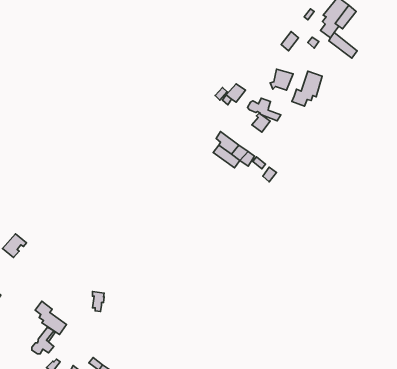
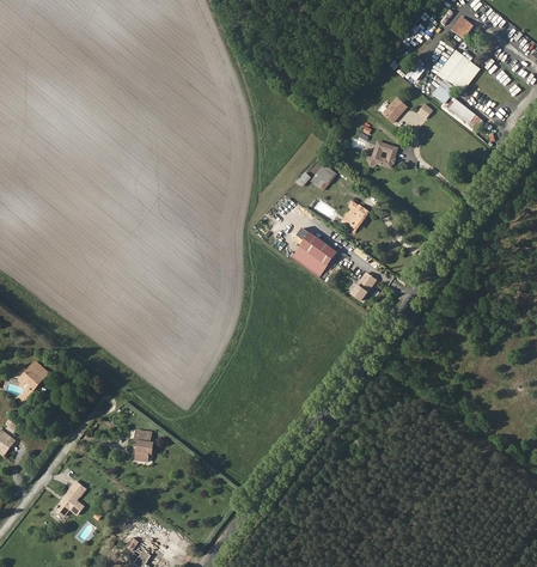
building: [292,71,322,106] -> none
building: [248,98,281,121] -> none
building: [35,301,67,334] -> none

